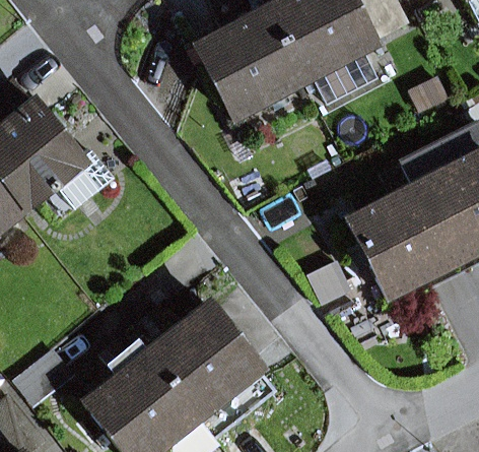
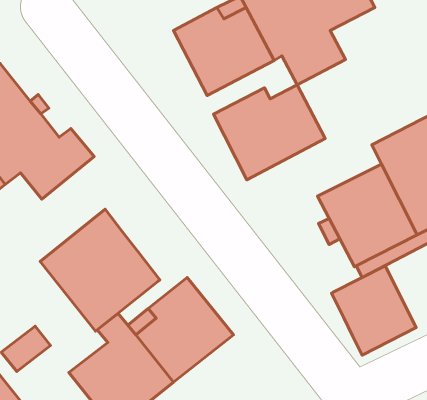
building: none -> [214,85,325,180]
building: none -> [40,209,160,331]
building: none -> [331,266,416,355]

